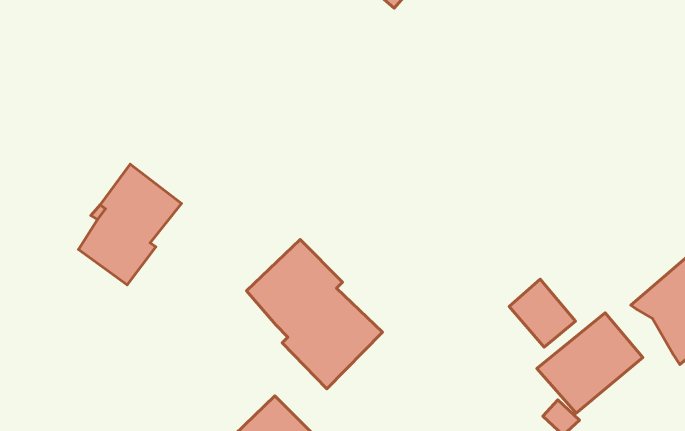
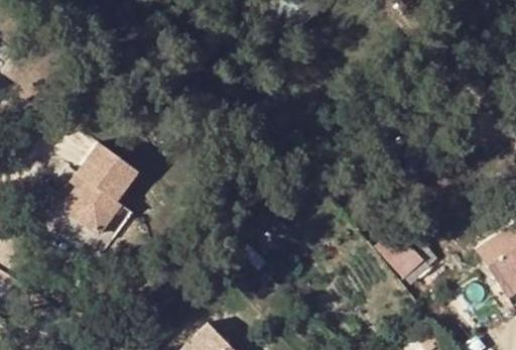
building: [247,240,383,389] -> none
building: [537,313,643,413] -> none

